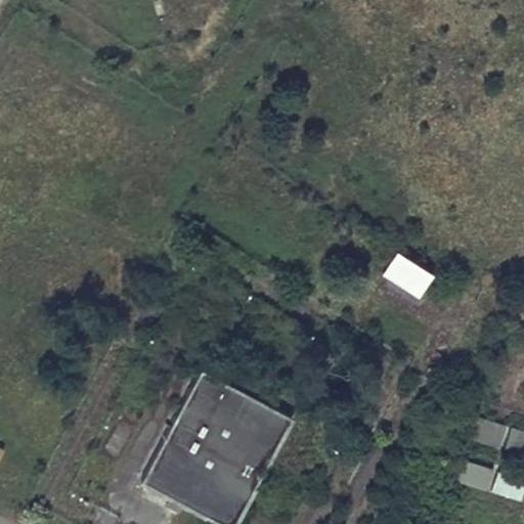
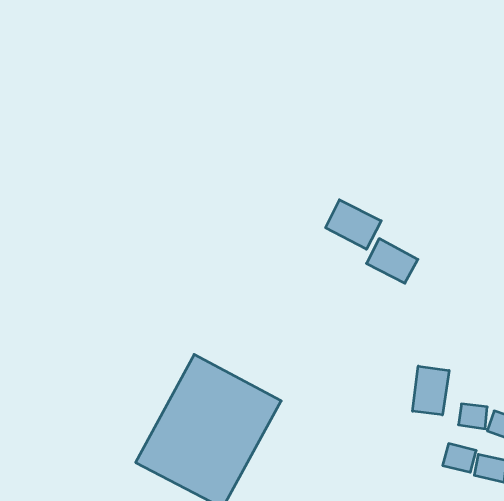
building: none -> [326,200,381,249]
building: none -> [413,366,449,415]

